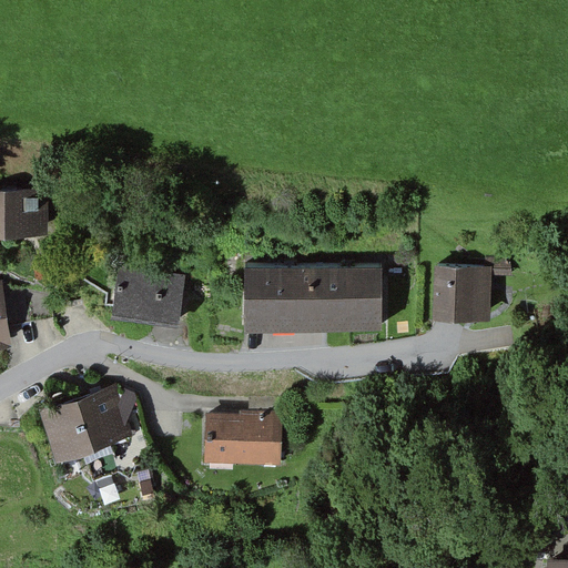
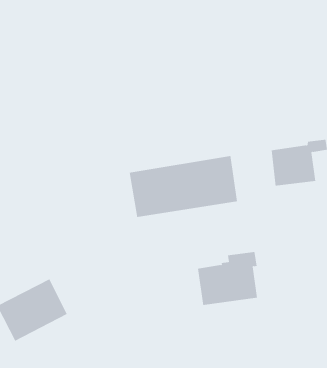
building: [103,255,184,328] -> none
building: [205,405,286,468] -> [197,251,258,305]

